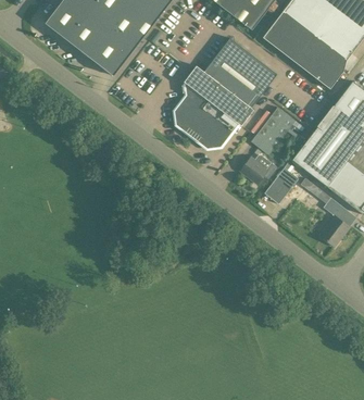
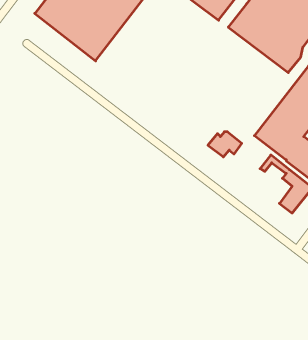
building: [173,37,276,148] -> none
building: [250,107,294,154] -> none
building: [264,162,301,203] -> none

